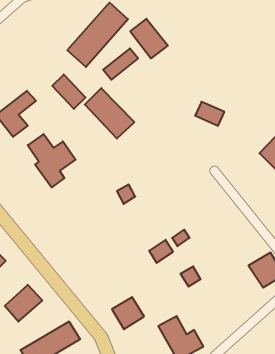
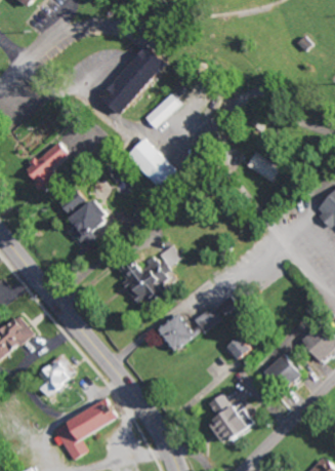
building: [130,19,168,58] -> none
building: [52,74,86,109] -> none
building: none -> [119,252,167,307]
building: none -> [265,351,302,388]
building: [112,297,144,329] -> [160,315,196,351]

